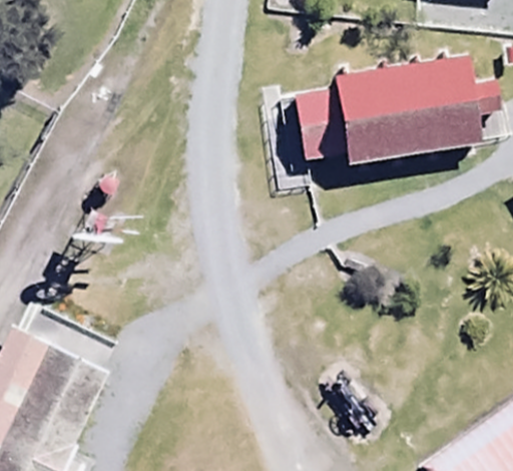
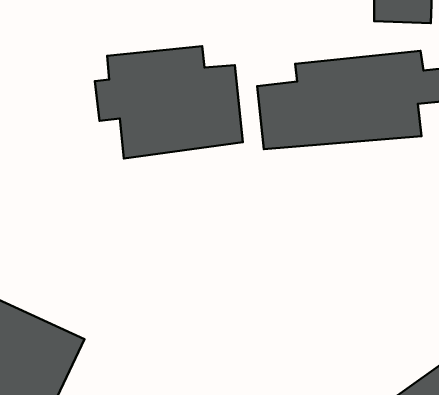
building: none -> [95,46,243,158]

